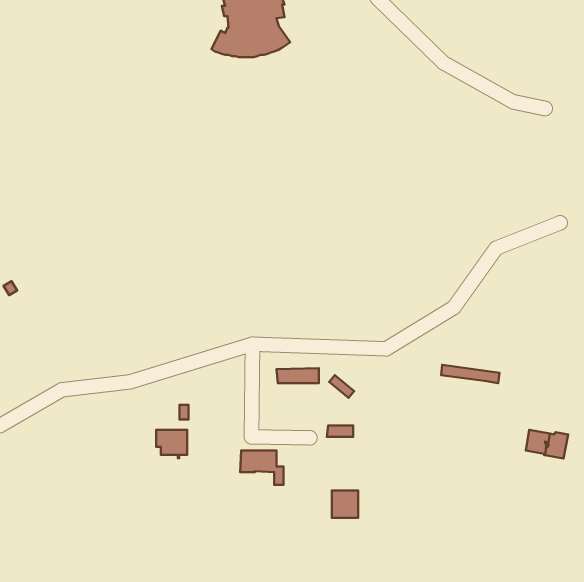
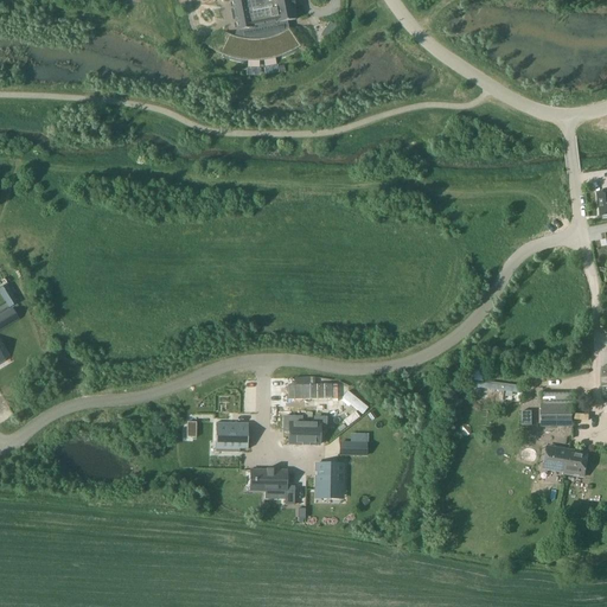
building: none -> [543,403,573,424]
building: none -> [289,421,319,443]
building: [156,430,187,458] -> [216,421,248,451]
building: [332,491,358,518] -> [315,462,343,491]

